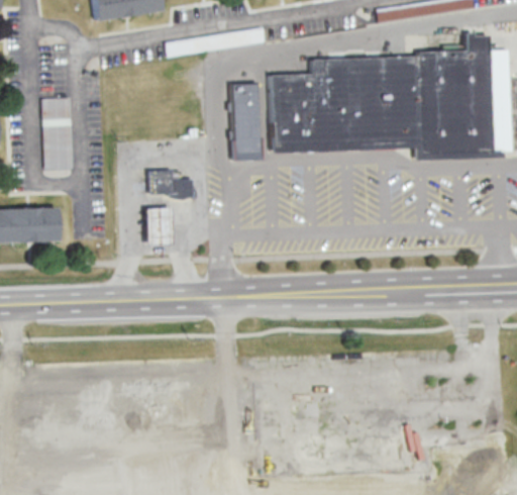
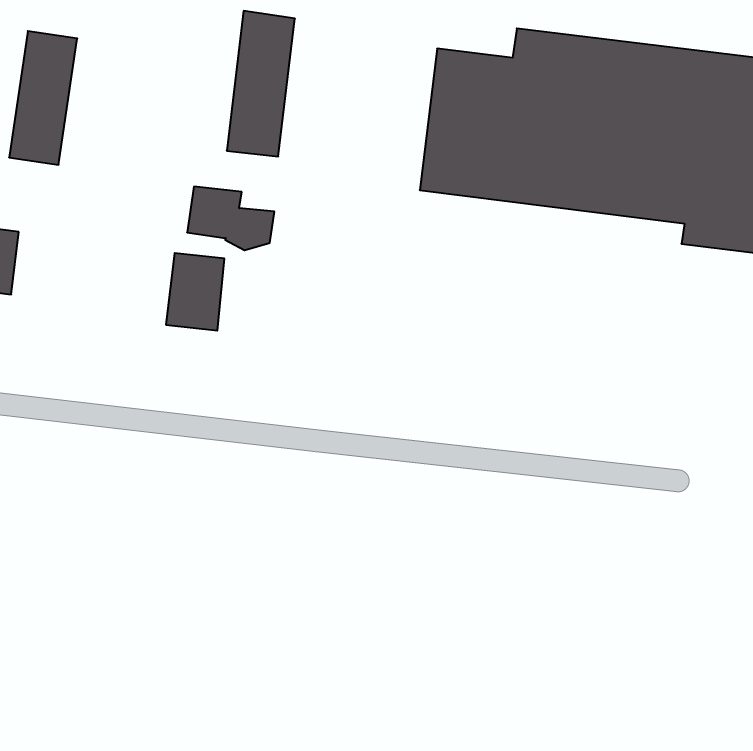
building: [230,84,261,161] -> [227,11,295,156]

